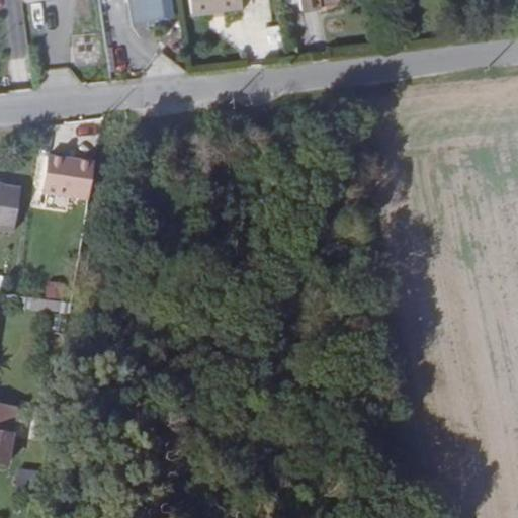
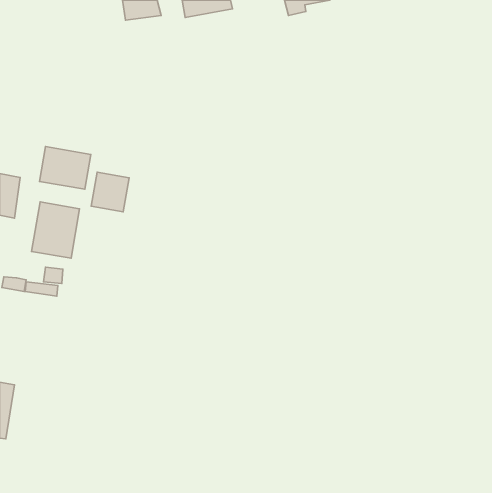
building: none -> [91,172,129,212]
building: none -> [32,202,80,258]

